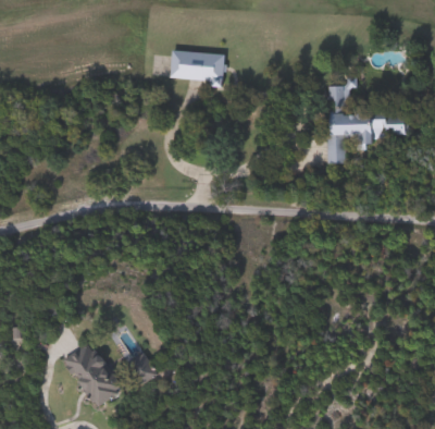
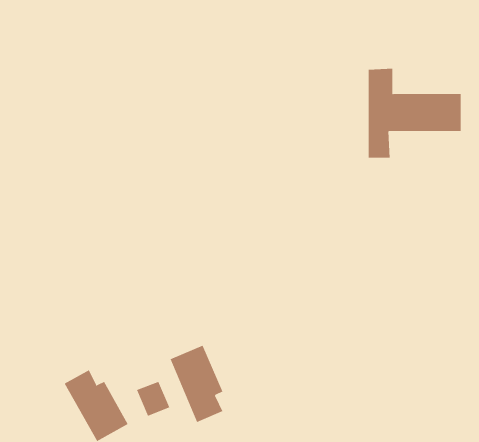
building: [170,51,225,87] -> none
building: none -> [170,345,223,423]

